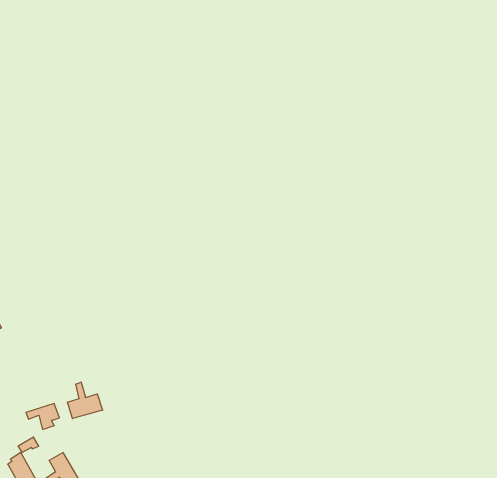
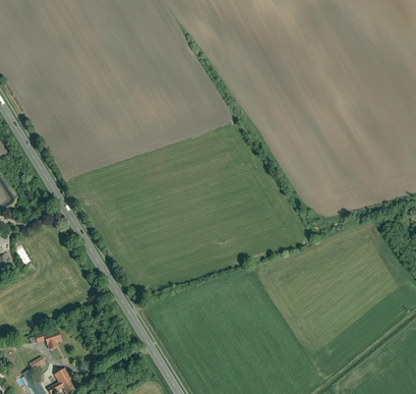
building: [67,382,103,419] -> none

